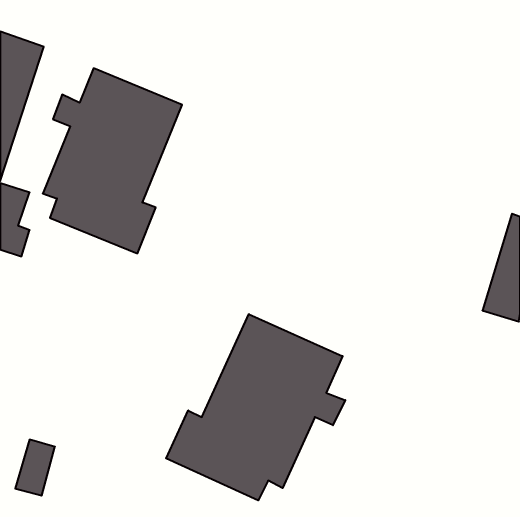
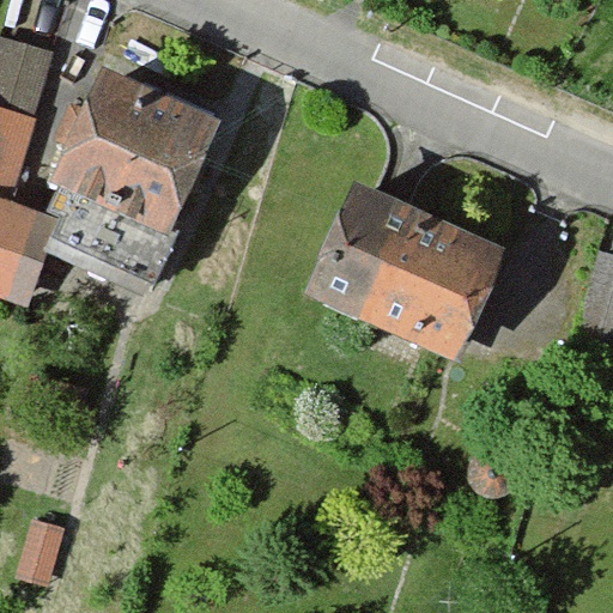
building: none -> [309,181,502,356]
building: [166,314,345,500] -> none

